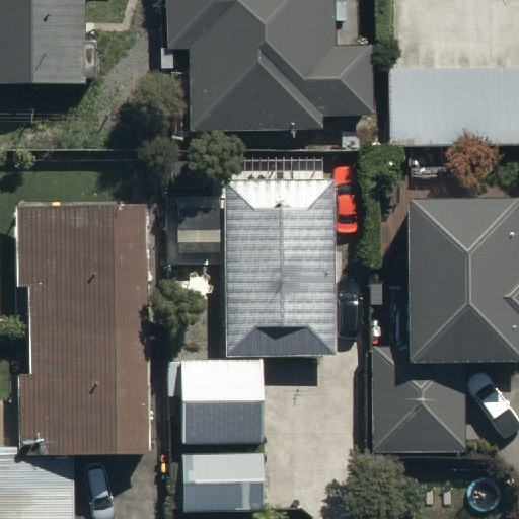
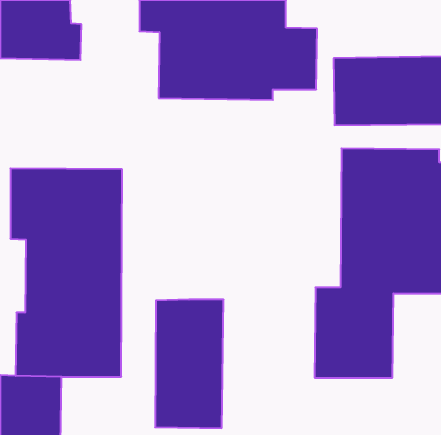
building: [222,178,335,357] -> none

